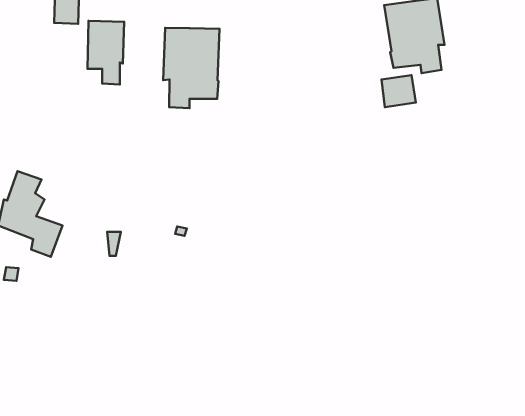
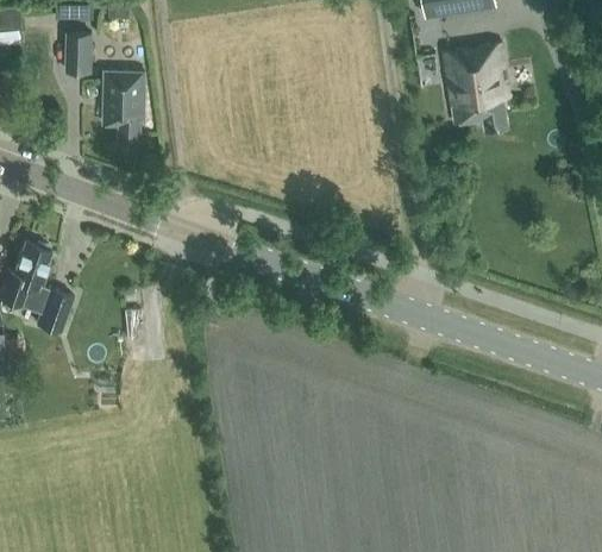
building: [163,28,219,108] -> none
building: [381,75,416,107] -> none

